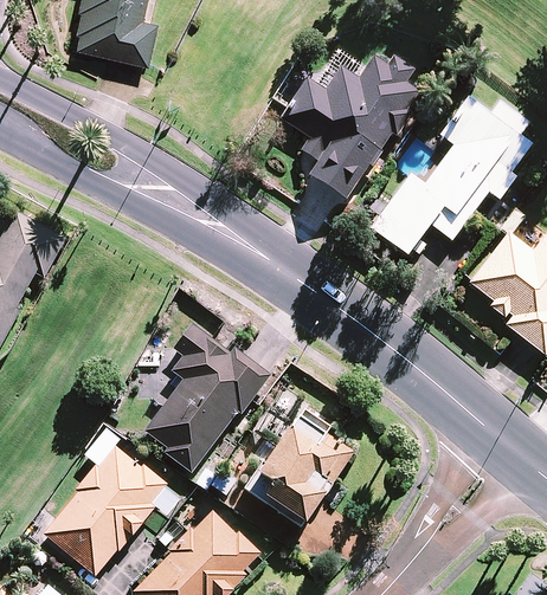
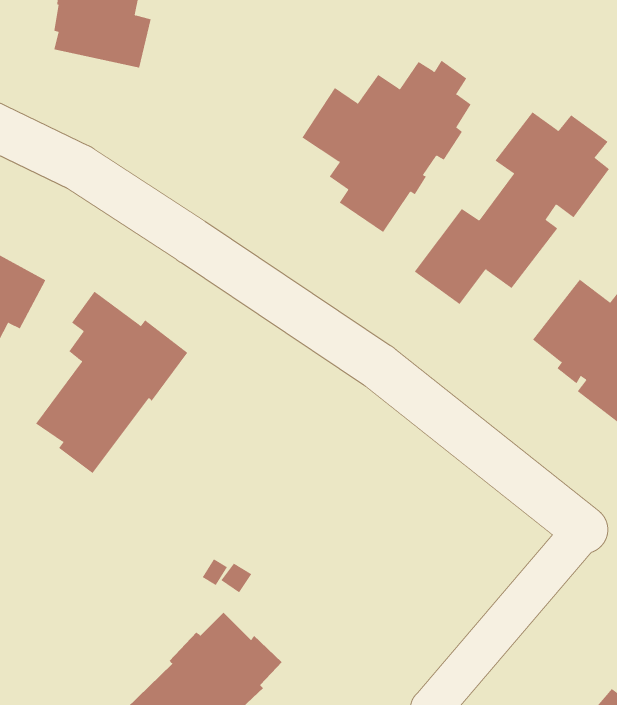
building: [144,322,270,472] -> [35,291,188,474]
building: [244,406,353,525] -> none
building: [44,446,167,575] -> none

